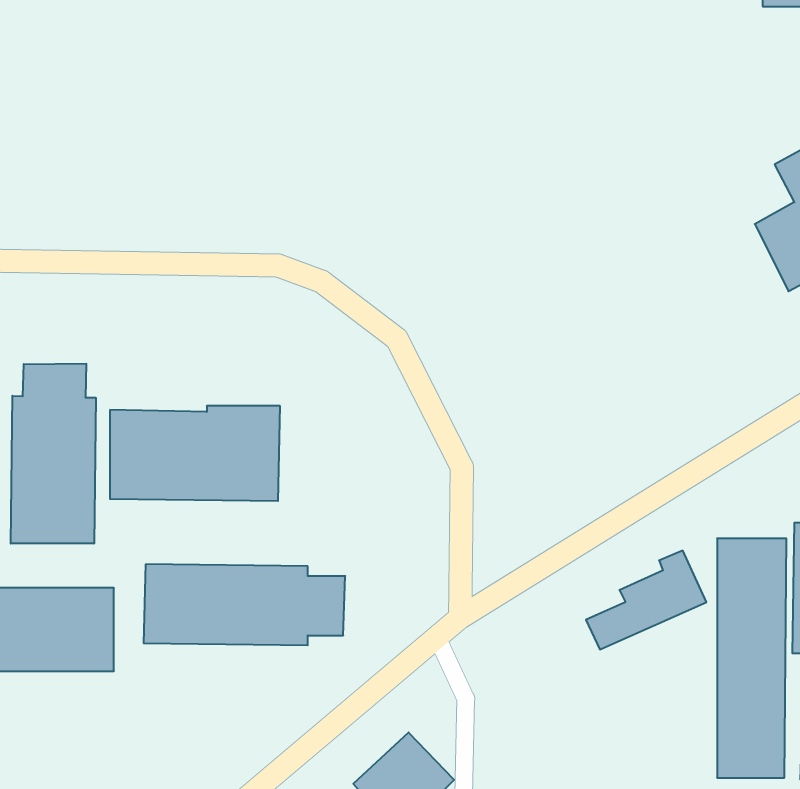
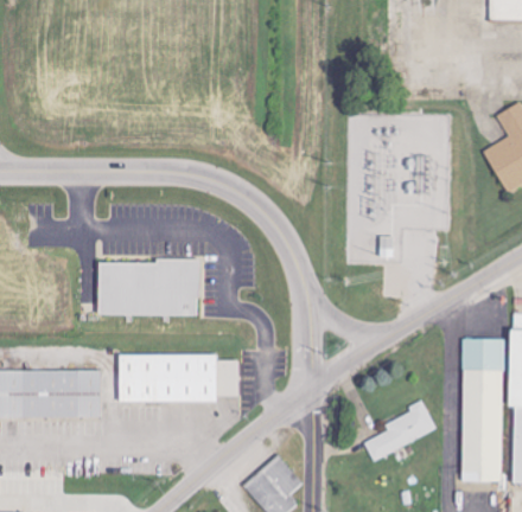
building: [11,364,96,544] -> none
building: [586,551,706,649] -> [365,401,438,460]

